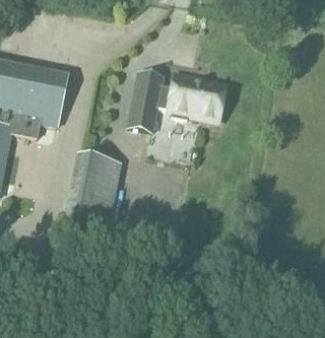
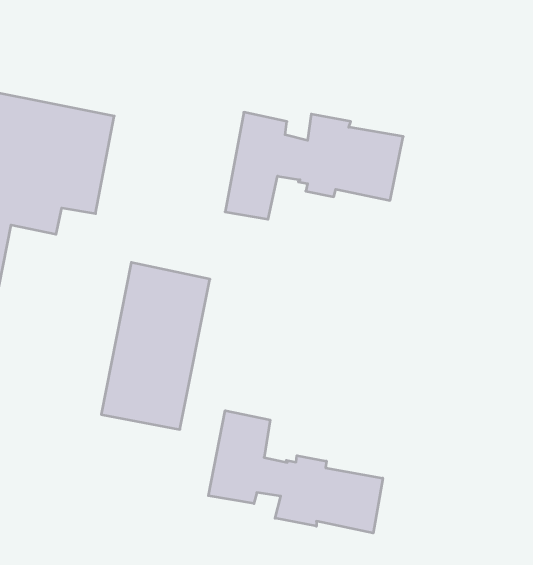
building: none -> [208,411,383,533]

